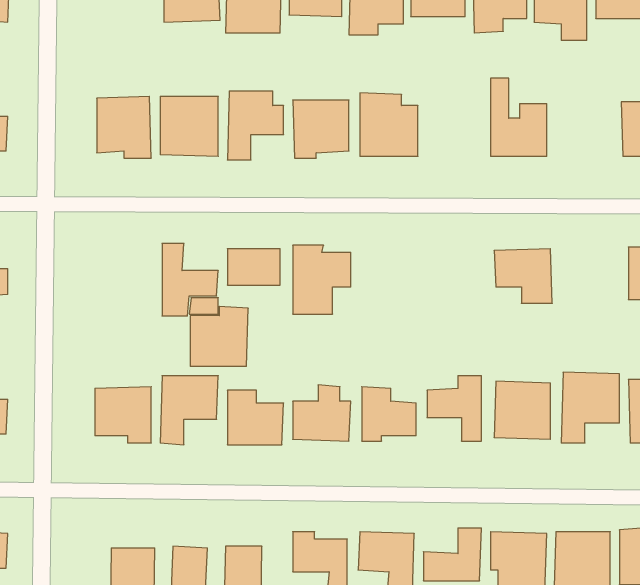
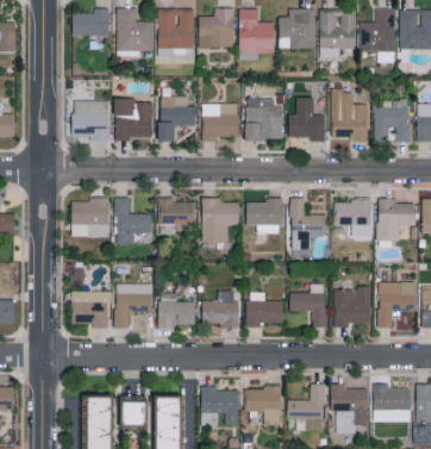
building: none -> [288,96,325,142]
building: none -> [374,99,410,142]
building: none -> [245,198,281,233]
building: none -> [291,198,326,249]
building: none -> [377,199,414,241]
building: [190,306,248,366] -> [71,197,110,236]

